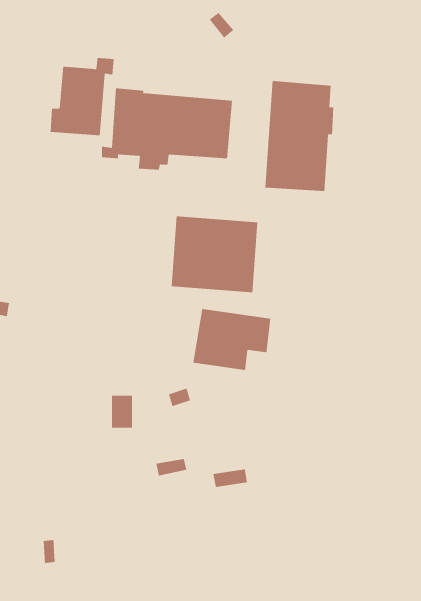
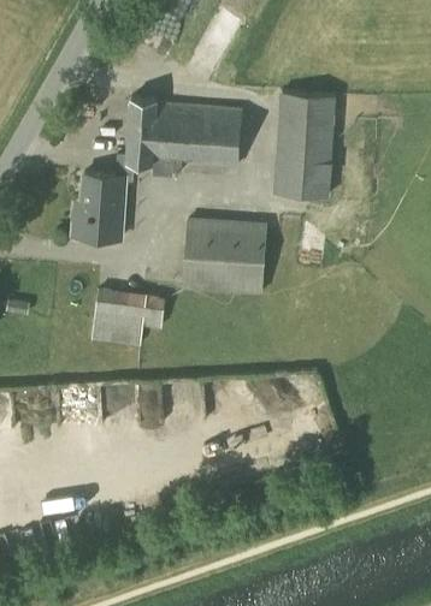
building: [50,57,114,136] -> [72,164,134,238]
building: [193,309,271,371] -> [90,286,165,345]

